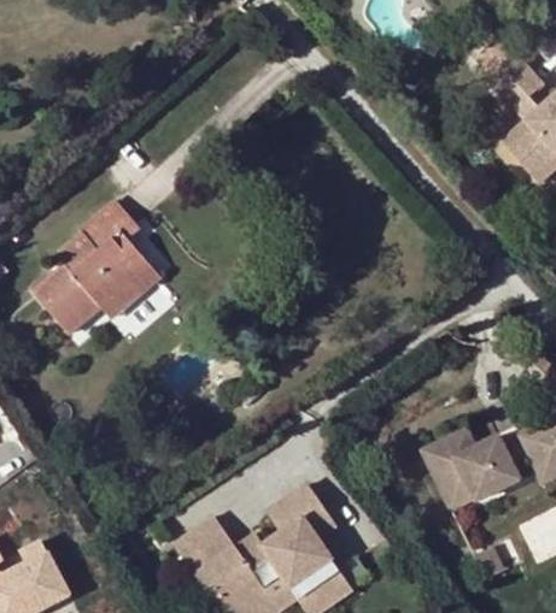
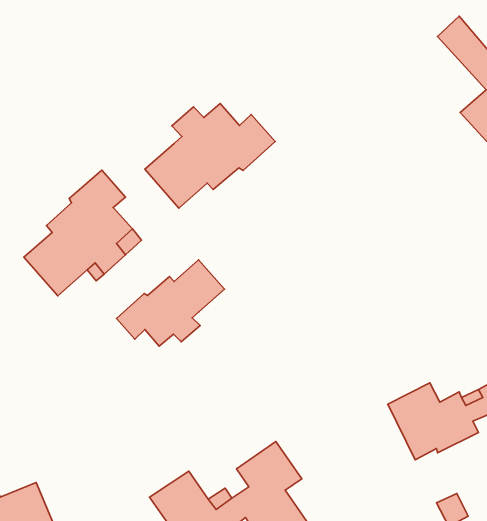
building: none -> [145,104,275,208]
building: none -> [116,260,224,346]

